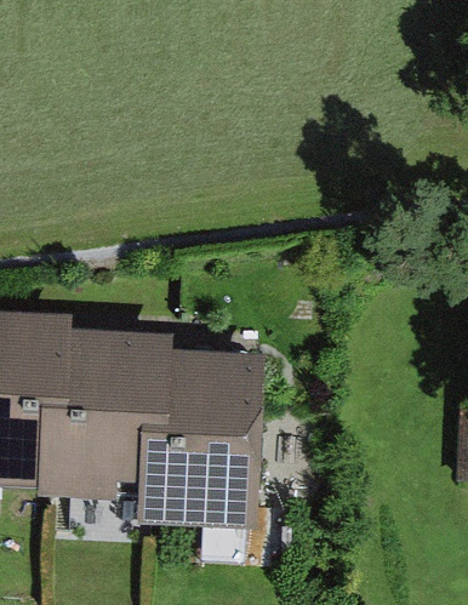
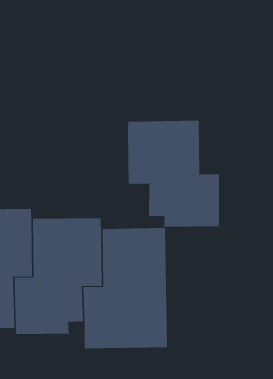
building: none -> [128,120,220,228]

